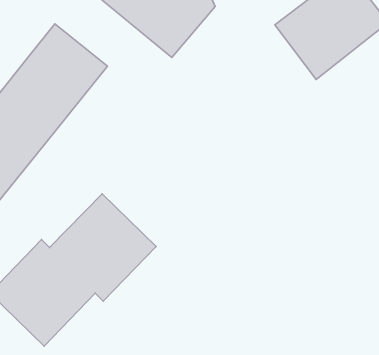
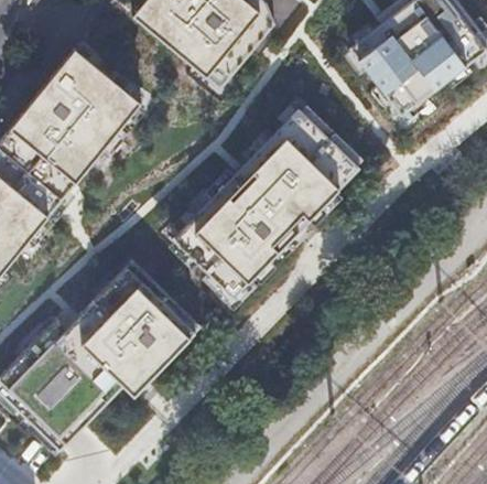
building: none -> [173,107,361,297]

